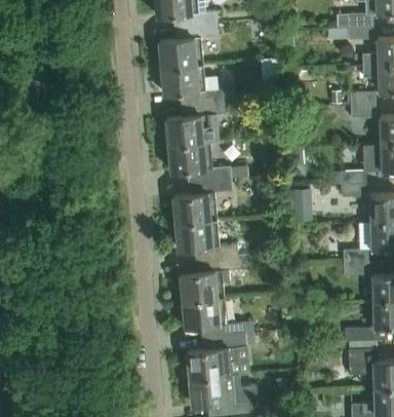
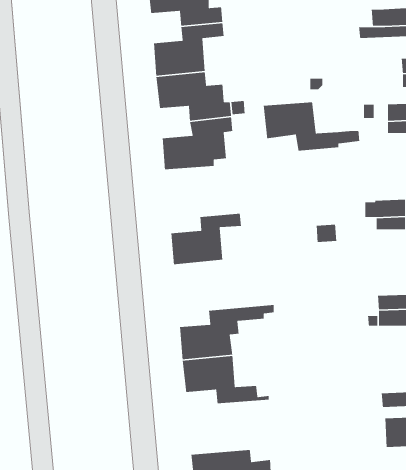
building: [166,144,246,185] -> [263,102,360,152]
building: [173,221,257,262] -> none
building: [186,336,253,380] -> none

